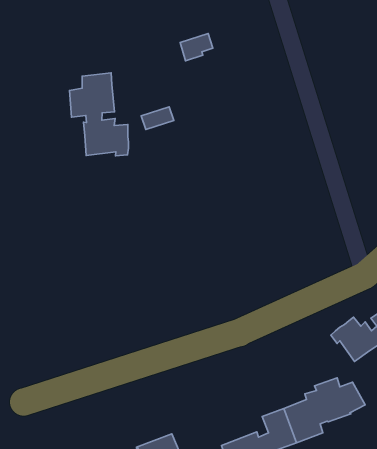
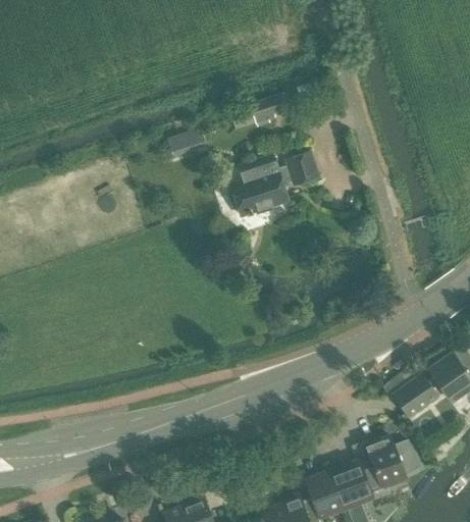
building: [180,34,213,61] -> [252,96,289,126]
building: [70,73,129,156] -> none
building: none -> [231,154,321,219]

